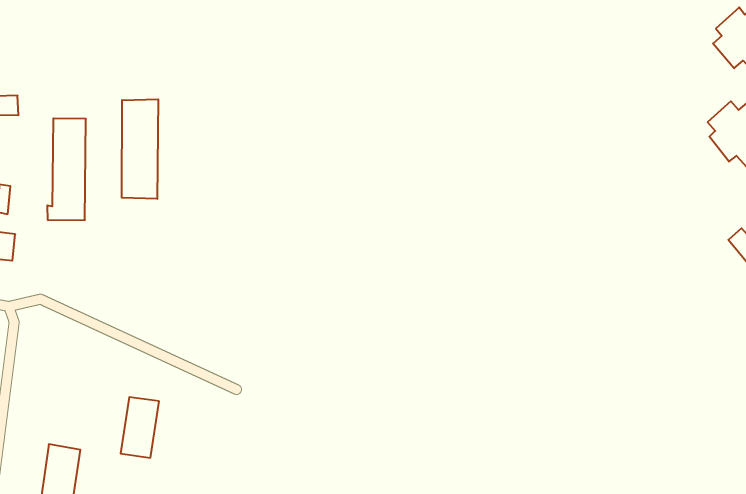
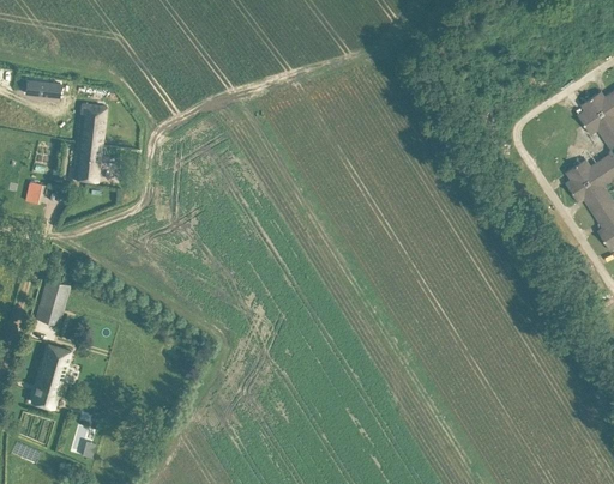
building: [122,99,158,199] -> none
building: [121,397,159,458] -> [36,278,70,325]

